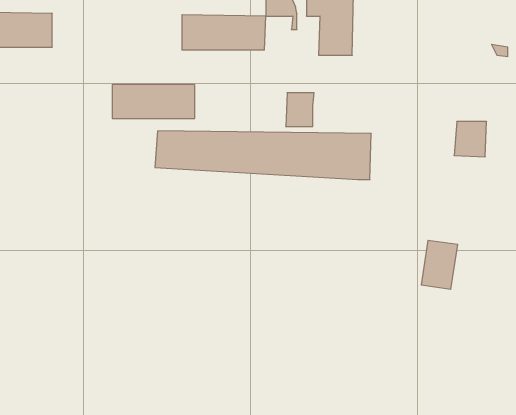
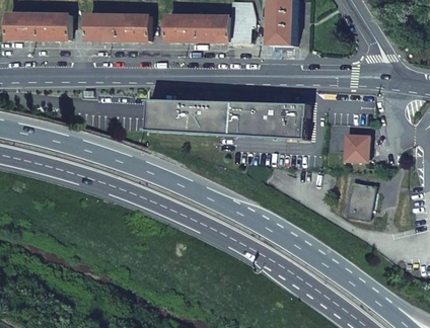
building: [112,85,195,118] -> [85,14,147,39]
building: [286,93,314,127] -> [226,15,247,40]
building: [454,122,487,157] -> [342,136,366,162]

